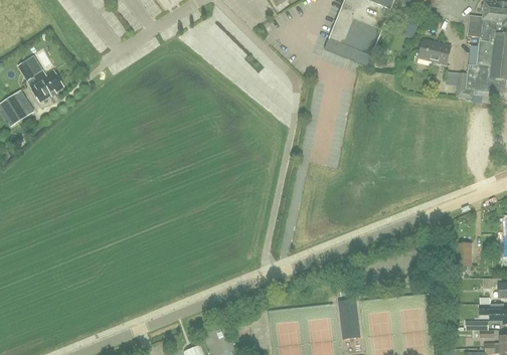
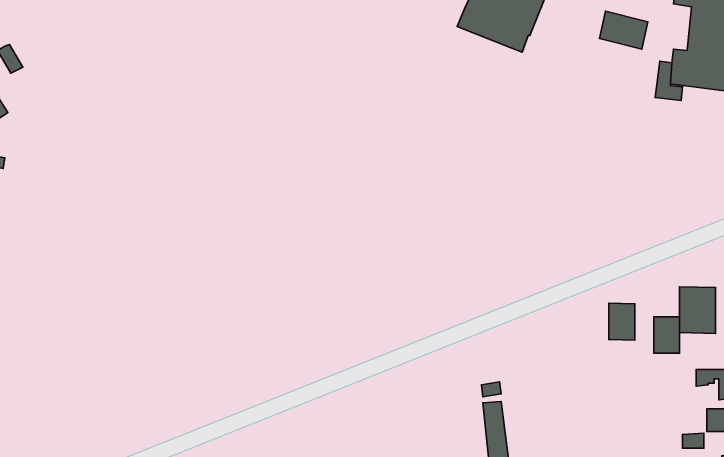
building: [29,68,64,100] -> none
building: none -> [680,287,715,333]
building: none -> [609,303,635,340]

